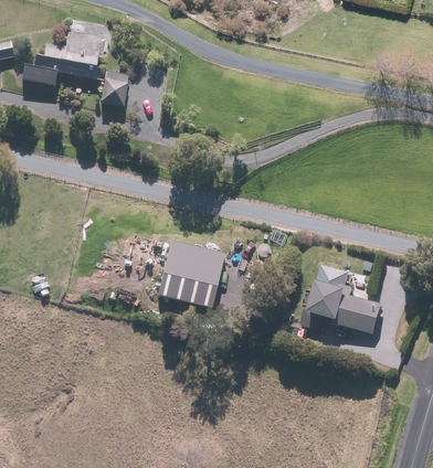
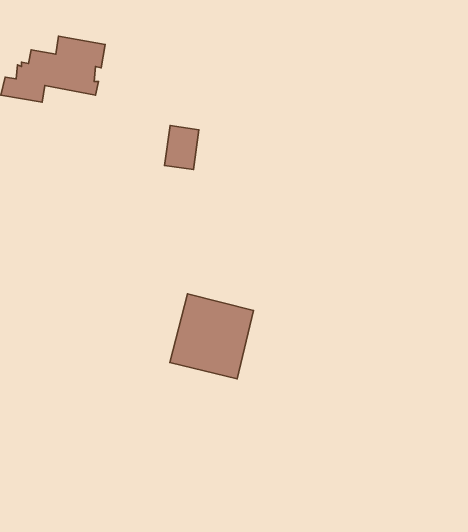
building: [101,71,128,106] -> [165,126,199,169]
building: [300,278,381,333] -> none

